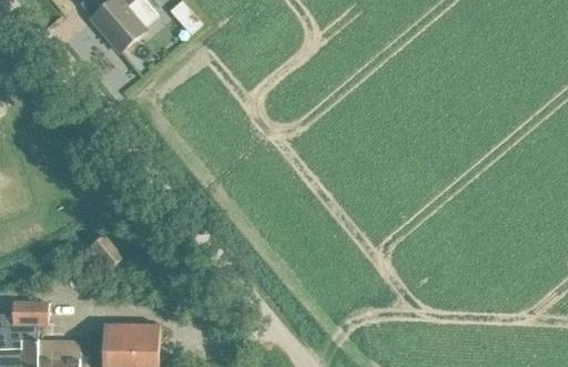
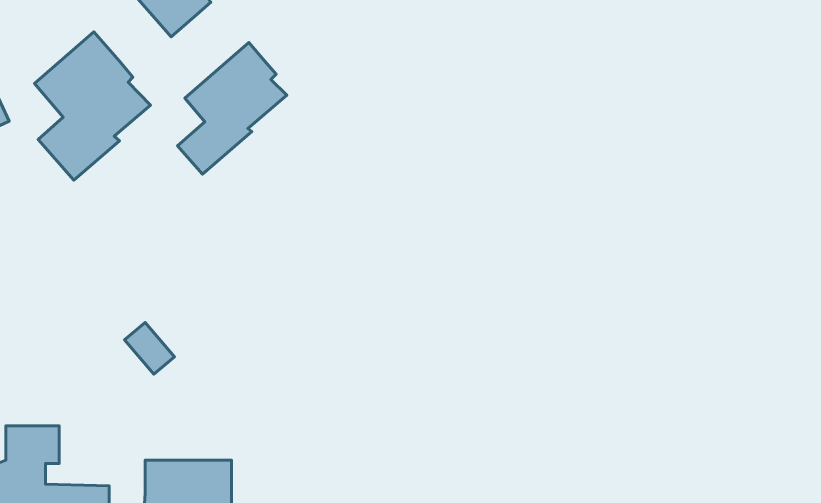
building: none -> [35,32,151,180]
building: none -> [178,43,287,174]

